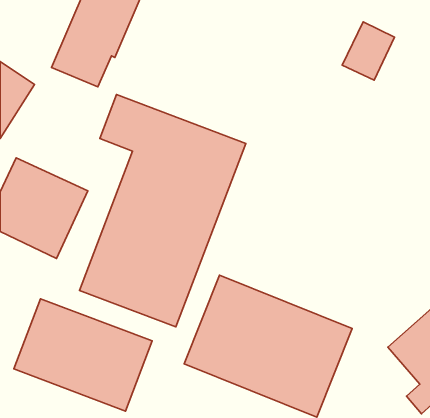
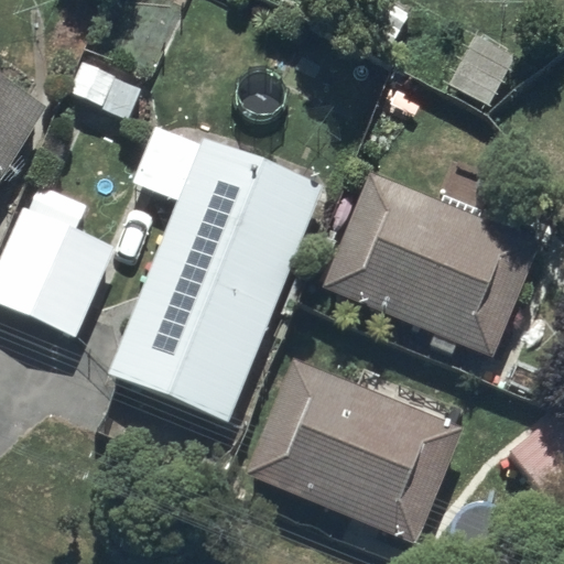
building: none -> [321,173,539,361]
building: [14,299,152,411] -> none

